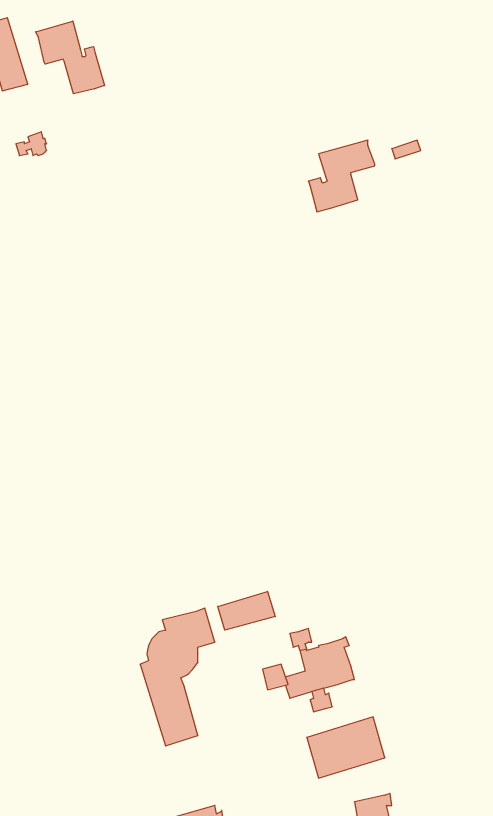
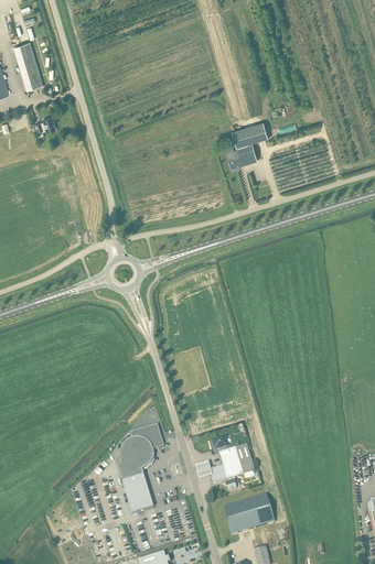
building: [36,21,104,94] -> none
building: [218,591,275,630] -> none

